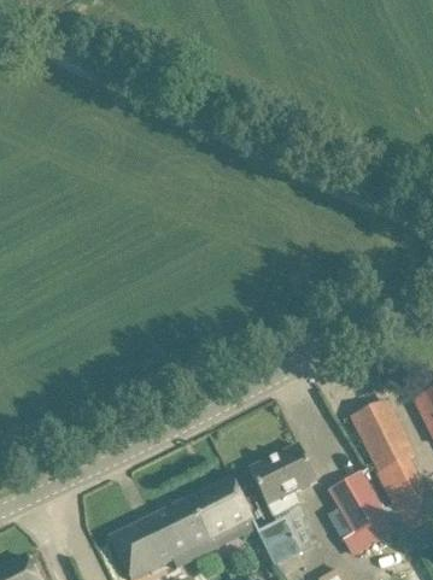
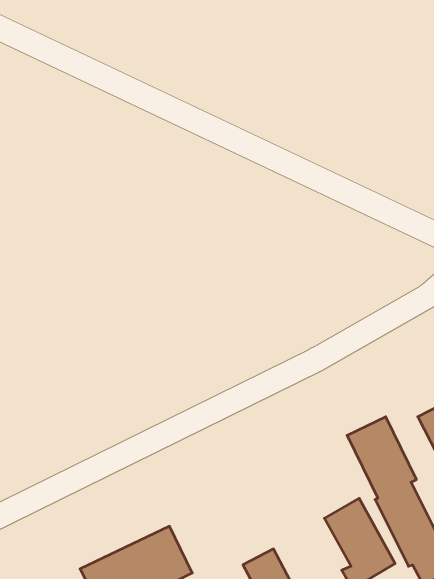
building: [250,444,318,516] -> none
building: [192,479,256,540] -> none

